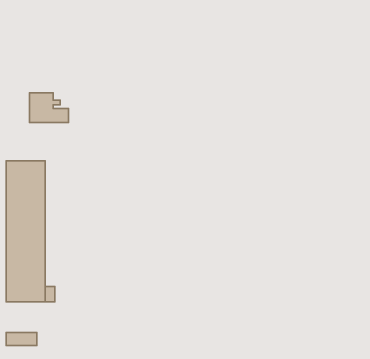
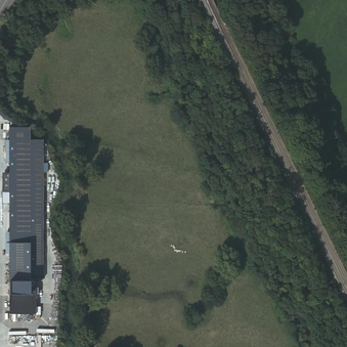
building: [29,93,69,123] -> [9,128,43,154]
building: none -> [9,275,31,295]

